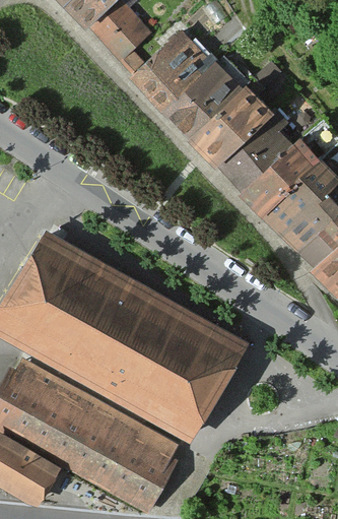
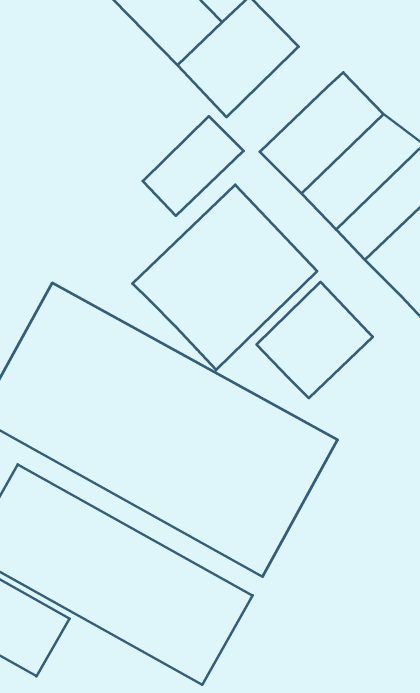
building: [165,66,236,136] -> [143,116,244,216]
building: none -> [132,185,317,370]
building: none -> [257,282,373,398]

